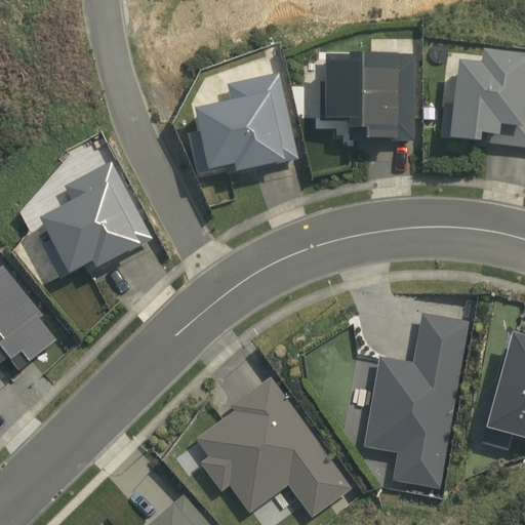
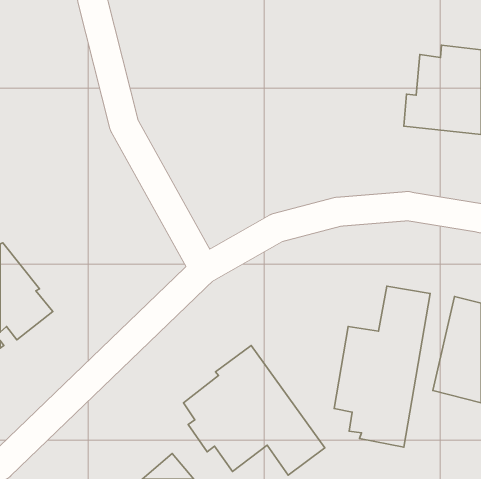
building: [319,53,414,140] -> none
building: [189,72,298,174] -> none
building: [39,161,152,278] -> none

